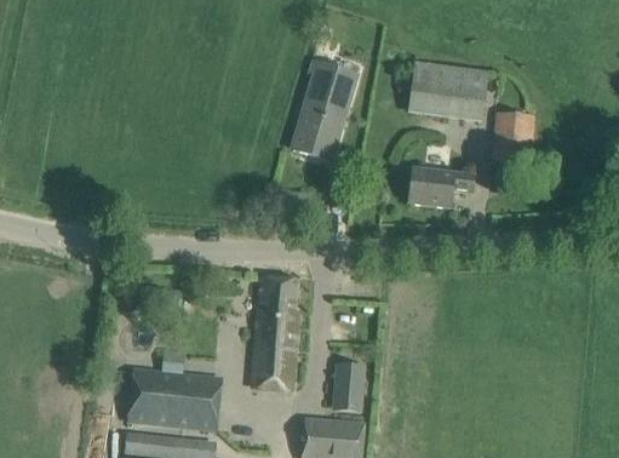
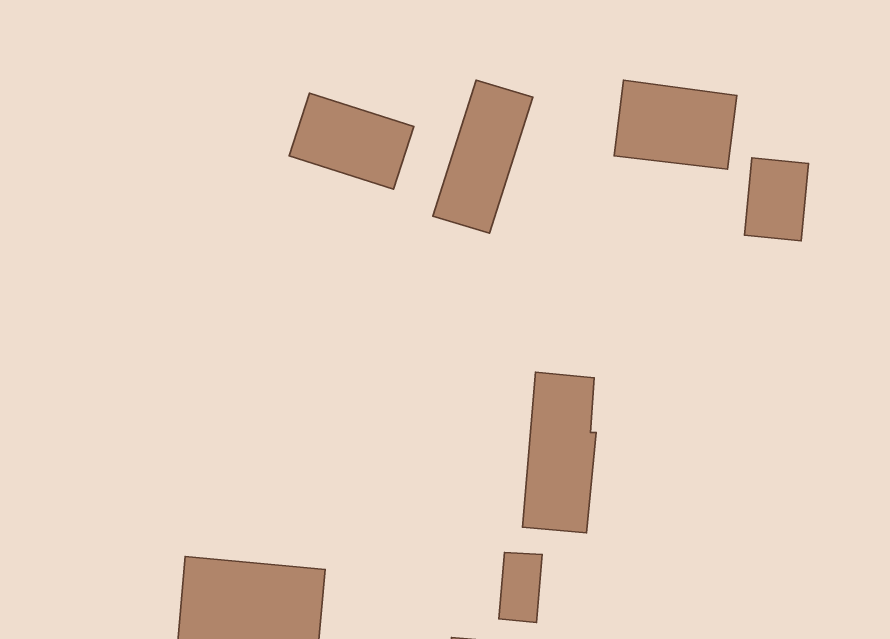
building: none -> [289,93,414,189]
building: [407,167,474,207] -> none
building: [252,275,299,378] -> [522,372,596,533]

